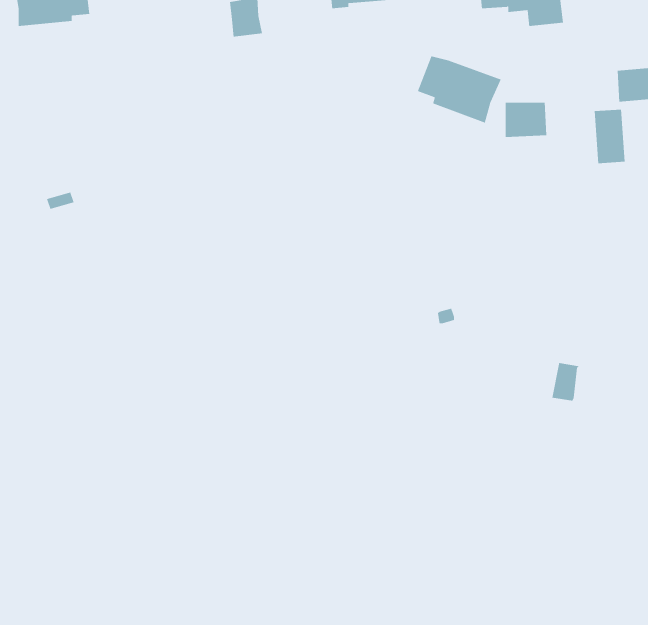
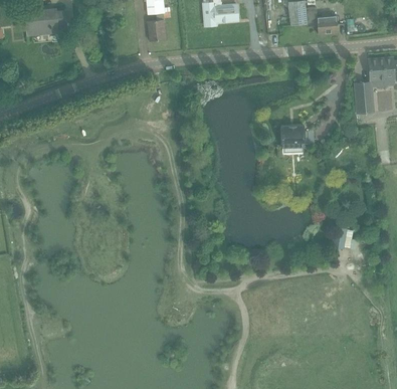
building: [417,55,501,123] -> none
building: [505,102,547,137] -> [280,126,305,146]

